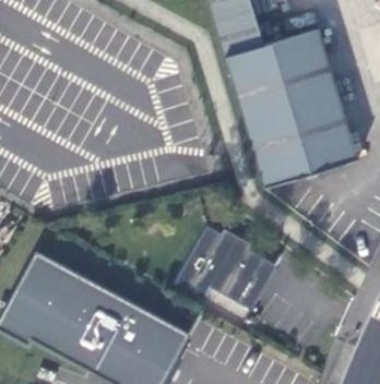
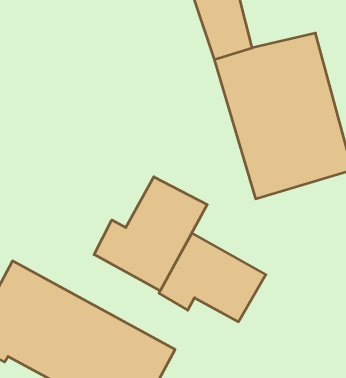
building: none -> [94,177,207,291]

